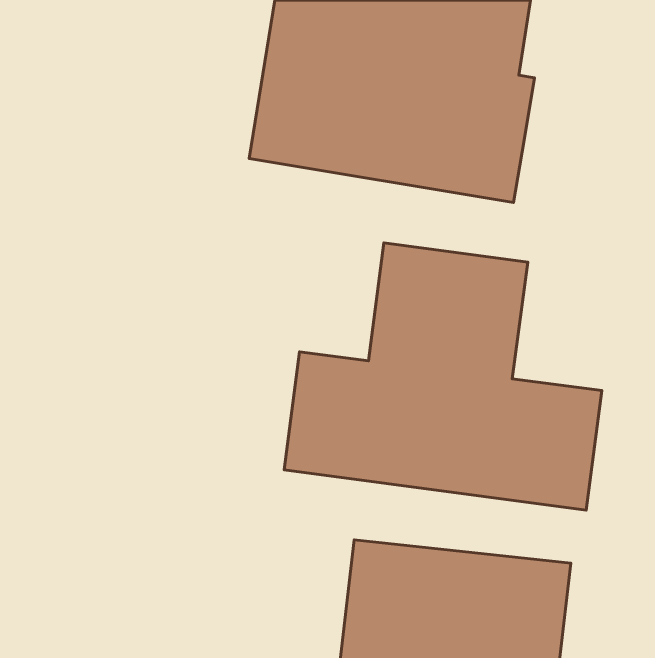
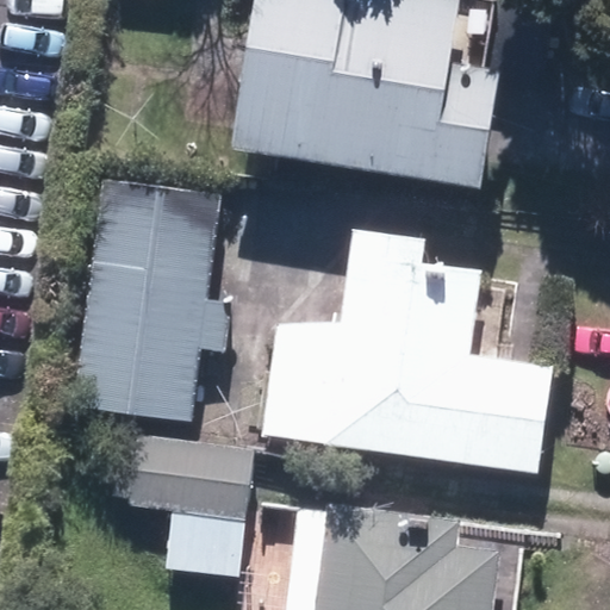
building: none -> [74,180,223,416]
building: none -> [112,431,251,519]

